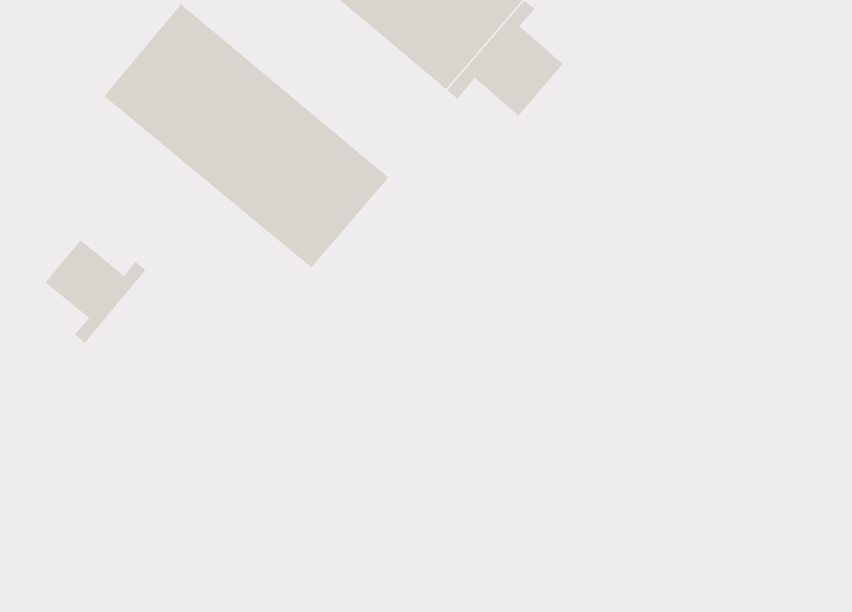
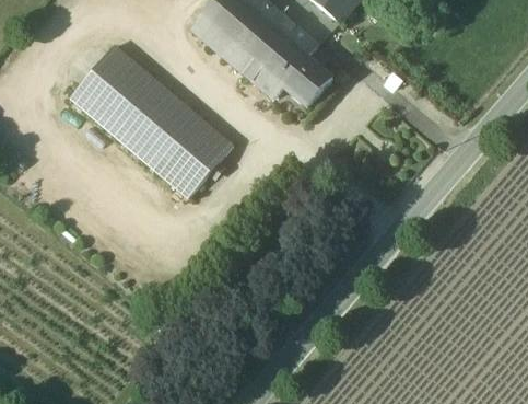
building: [45,239,146,344] -> none

